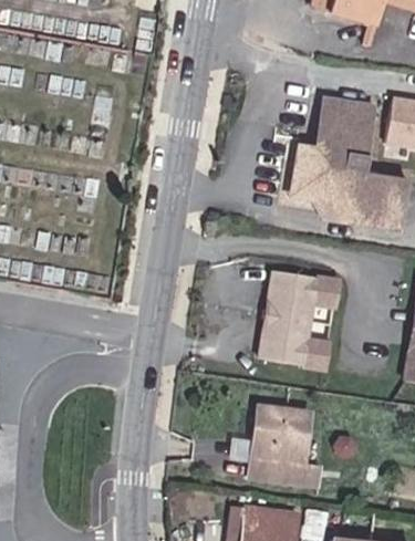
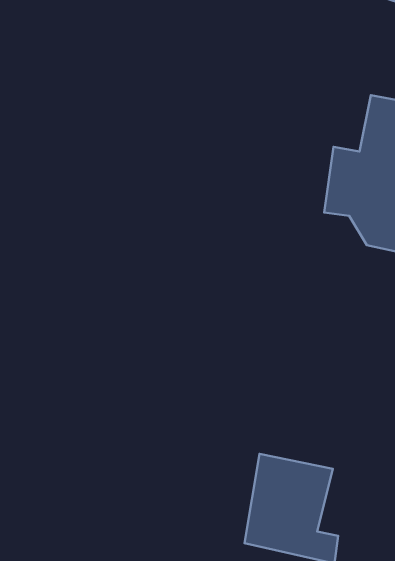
building: [257,270,341,373] -> none

